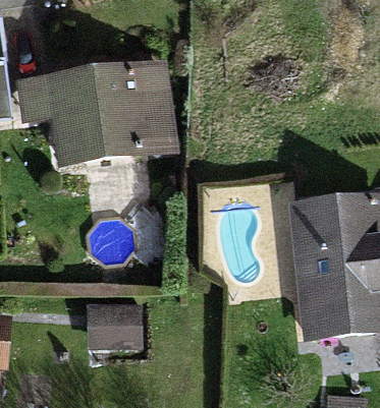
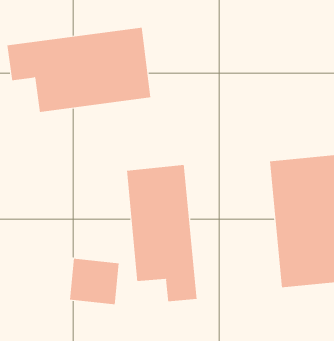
building: none -> [126,164,197,302]

